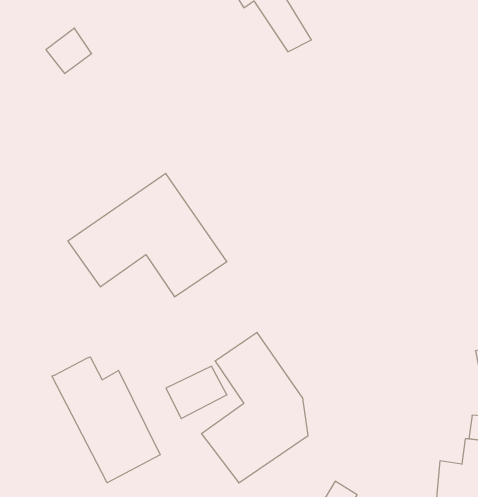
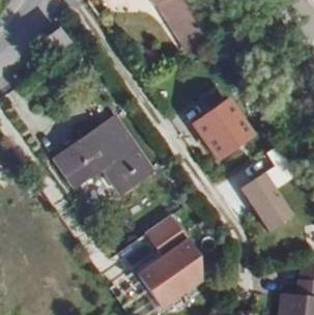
building: none -> [194,98,252,156]
building: none -> [236,169,290,229]
building: [52,357,160,483] -> none

